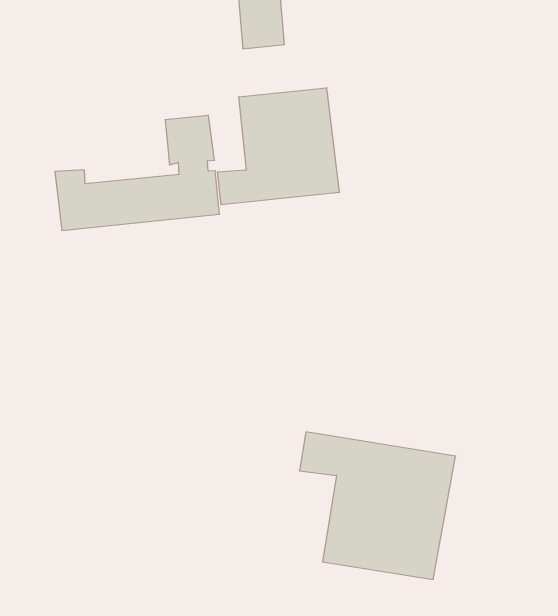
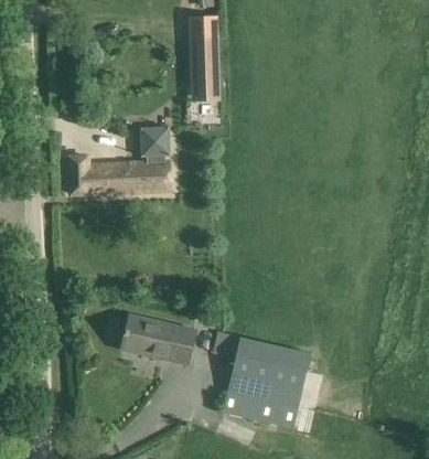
building: [217,88,339,205] -> none
building: none -> [121,313,197,366]

